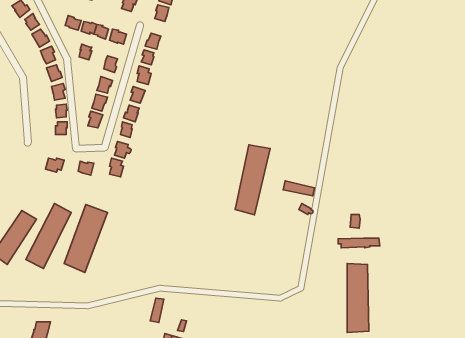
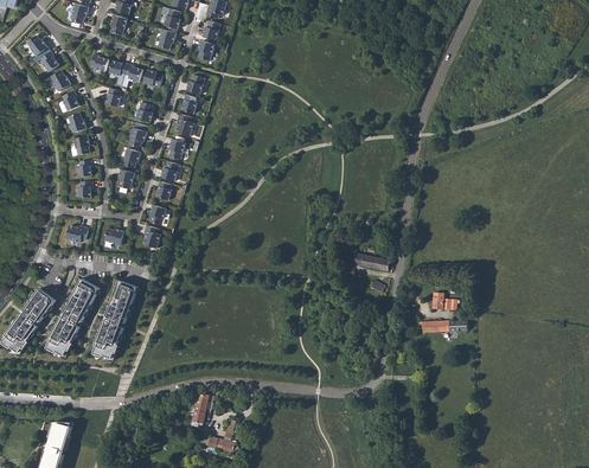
building: [235,145,270,215] -> none
building: [347,264,369,333] -> none

